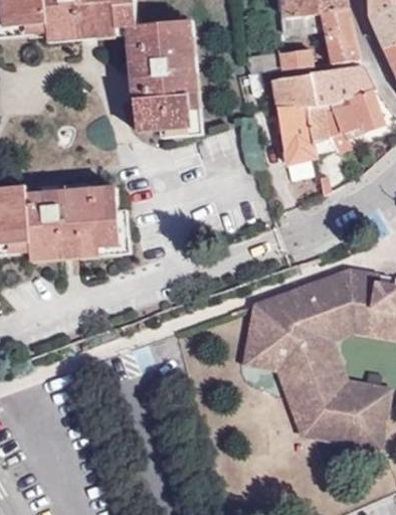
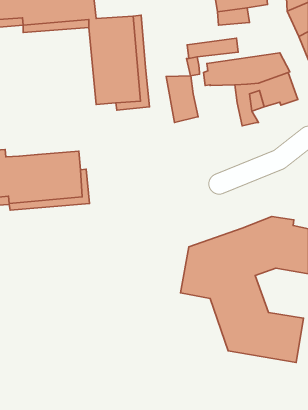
building: [321,6,358,61] -> none
building: [275,105,315,162] -> [166,76,198,122]

